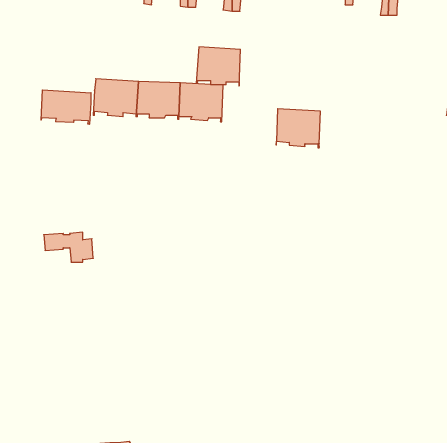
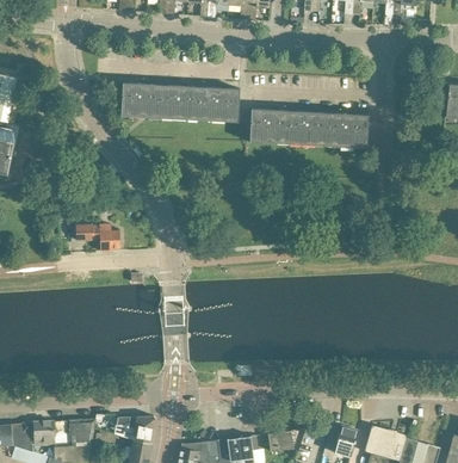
building: [196,47,240,86] -> [249,109,290,144]
building: [41,90,91,124] -> none
building: none -> [328,113,369,149]

